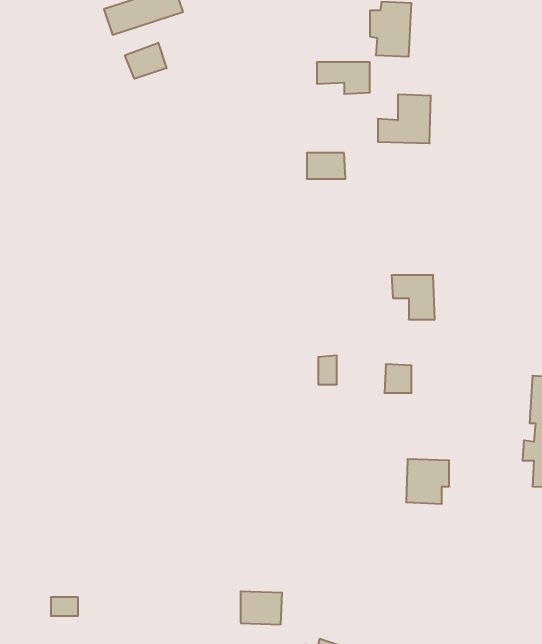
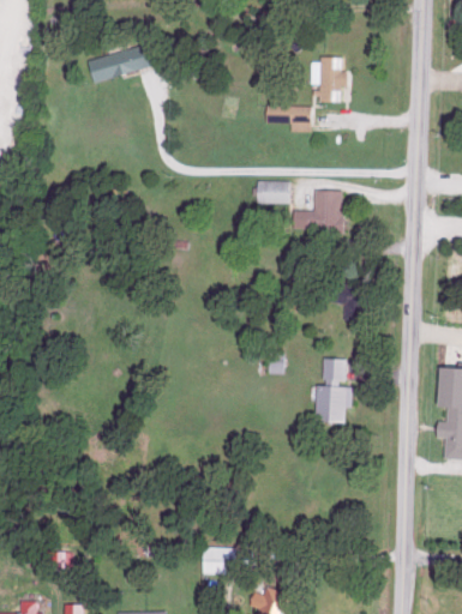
building: [125,43,167,79] -> none
building: [378,94,431,143] -> [296,191,341,231]
building: [406,459,449,504] -> [316,386,352,423]

